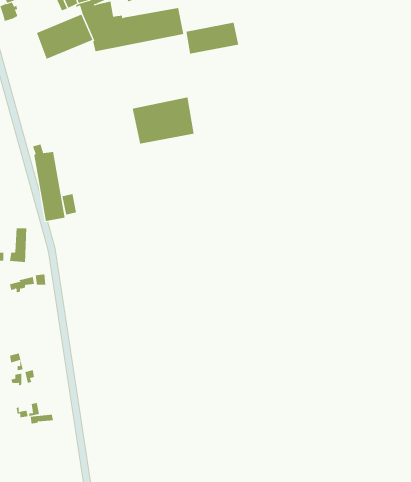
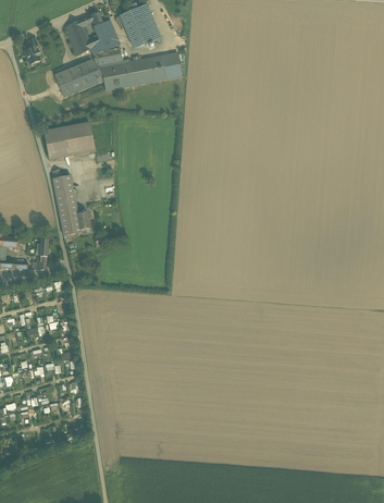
building: [186,22,239,55] -> none
building: [132,97,194,144] -> [41,122,95,162]

